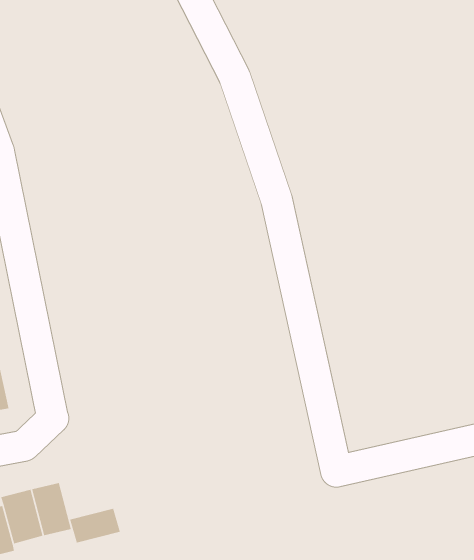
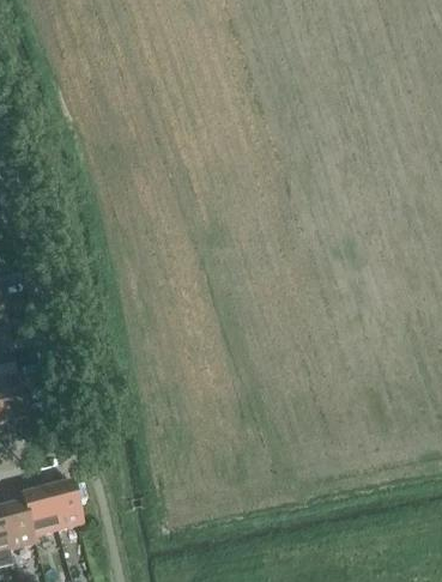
building: [69,508,121,544] -> none

